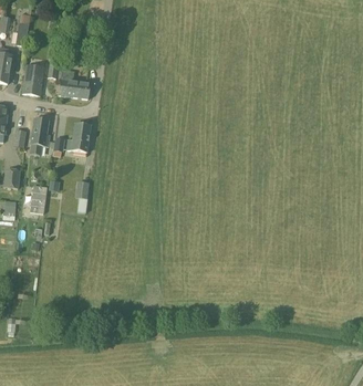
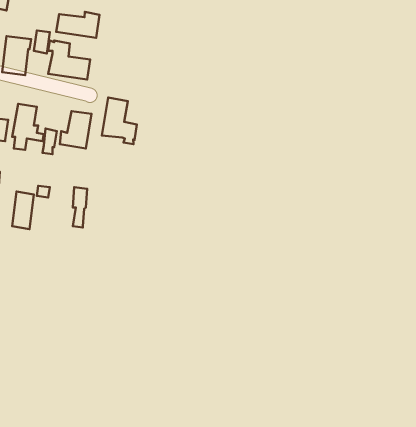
building: none -> [56,12,100,38]
building: none -> [102,98,137,144]

